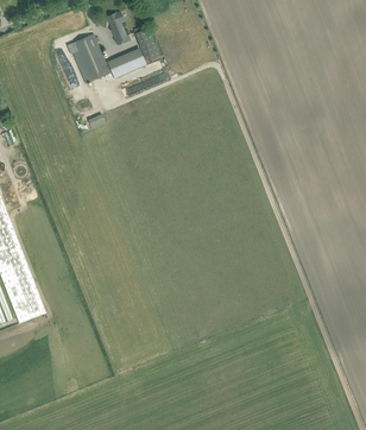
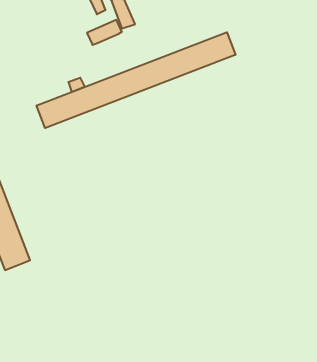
building: [67,34,109,83] -> none
building: none -> [37,32,235,128]

